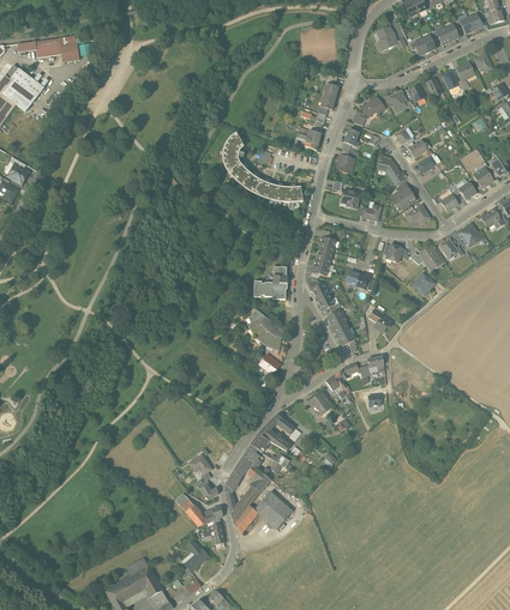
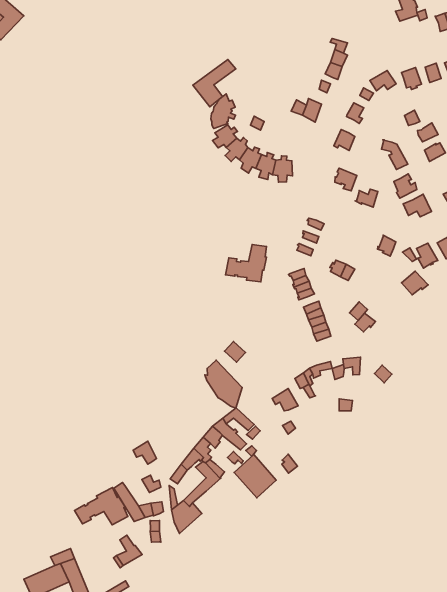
building: none -> [193,59,236,107]
building: [248,308,283,349] -> [205,360,242,408]
building: [254,490,293,529] -> [234,455,276,498]
building: none -> [74,487,128,525]

